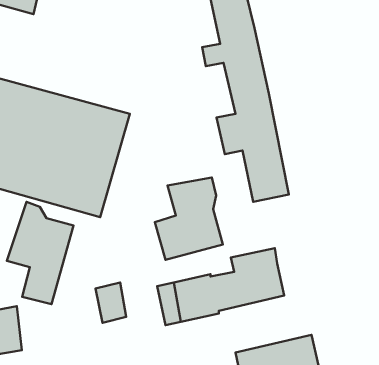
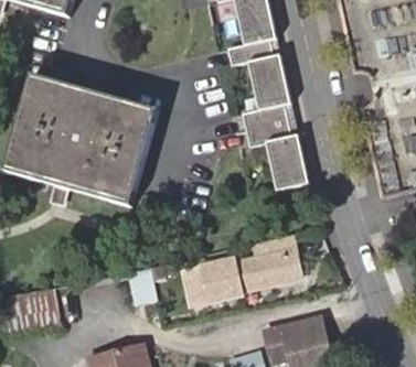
building: [155,177,223,260] -> none
building: [7,202,74,304] -> none

